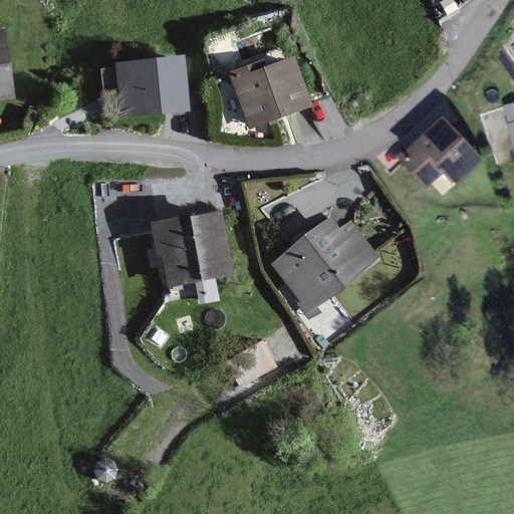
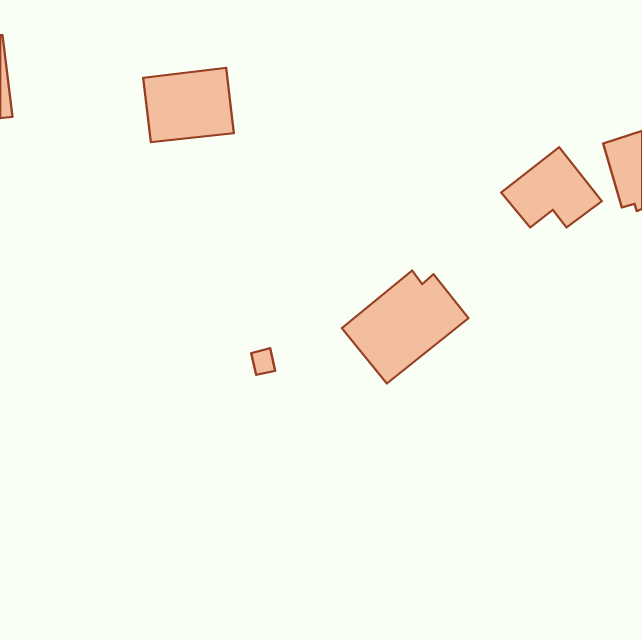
building: [230,47,308,124] -> none
building: [156,214,229,282] -> none

